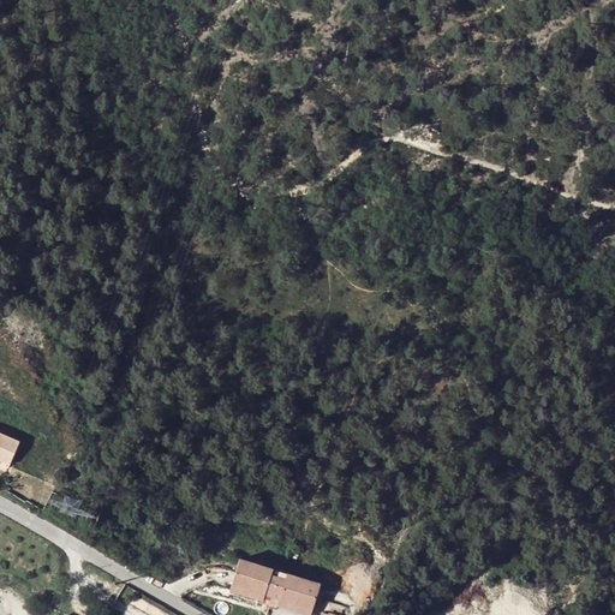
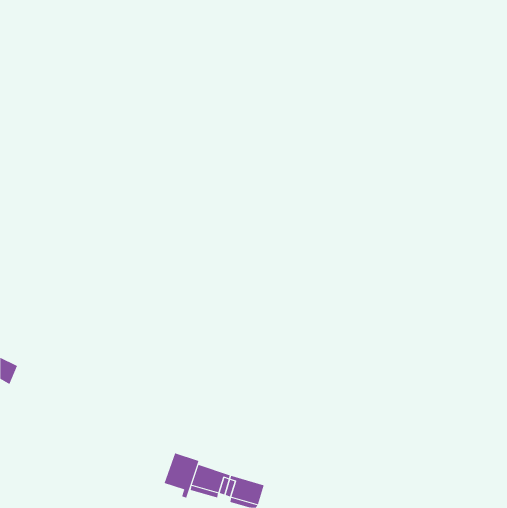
building: none -> [164,452,199,499]

